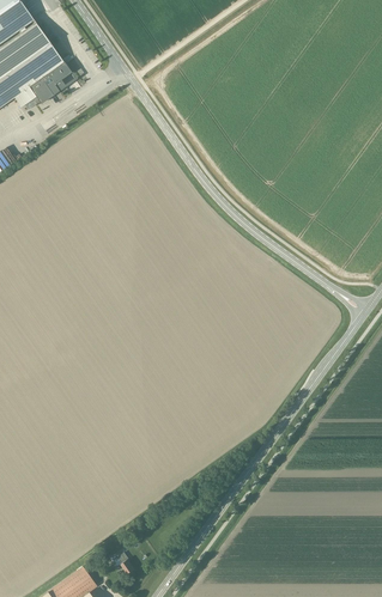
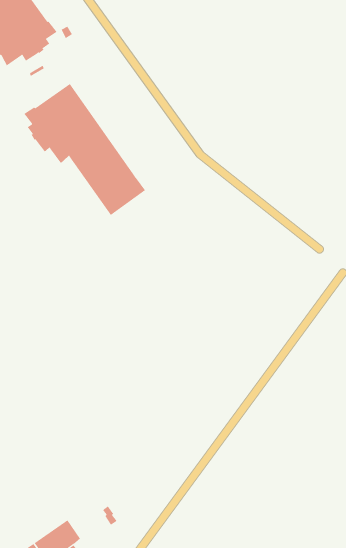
building: none -> [24,83,146,216]

